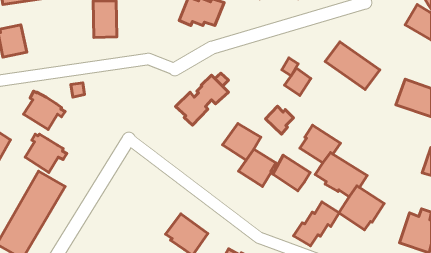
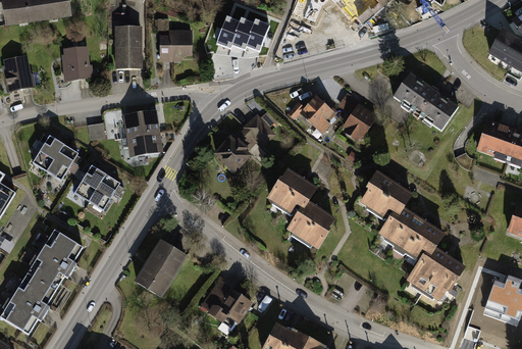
building: none -> [159,29,193,60]
building: none -> [62,47,93,81]
building: none -> [122,108,162,155]
building: [265,106,294,134] -> [302,98,335,132]
building: [25,134,67,172] -> [73,163,123,209]
building: [273,155,310,191] -> none
building: none -> [137,242,185,296]
building: [294,202,339,246] -> none

